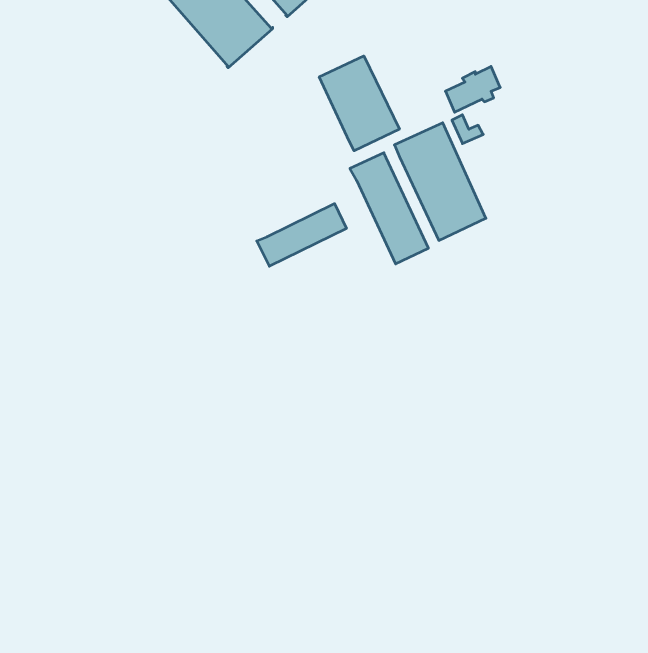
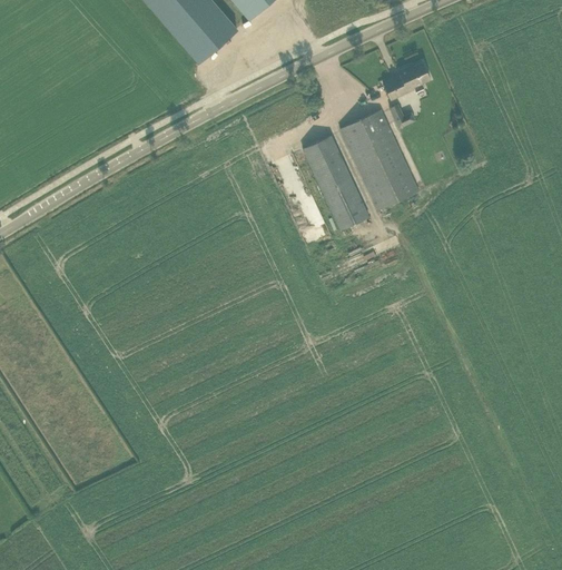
building: [319,56,399,151] -> none
building: [257,204,346,266] -> none

